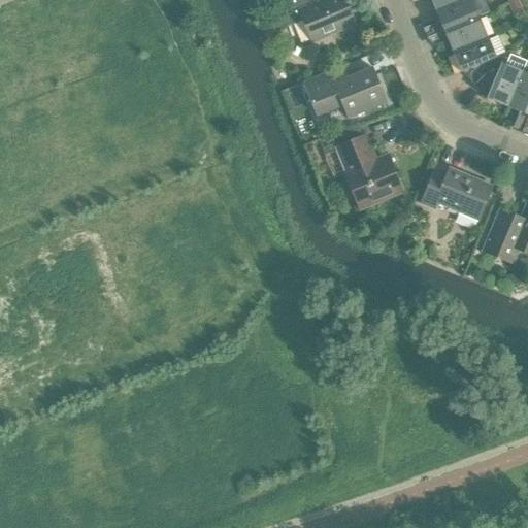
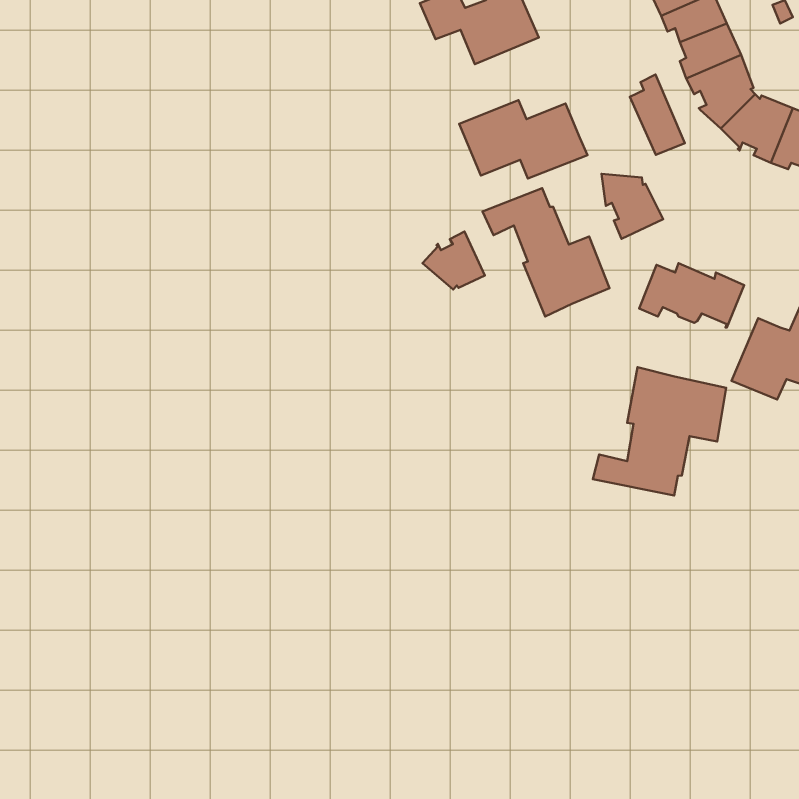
building: none -> [630,74,685,155]
building: none -> [601,174,663,239]
building: none -> [422,231,485,290]
building: none -> [593,367,726,495]

